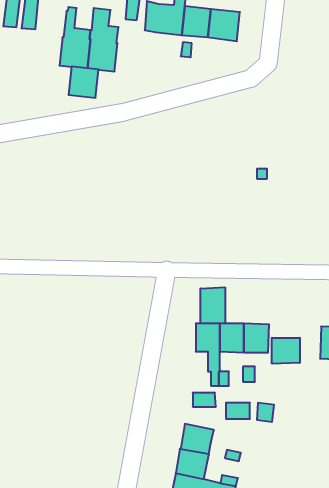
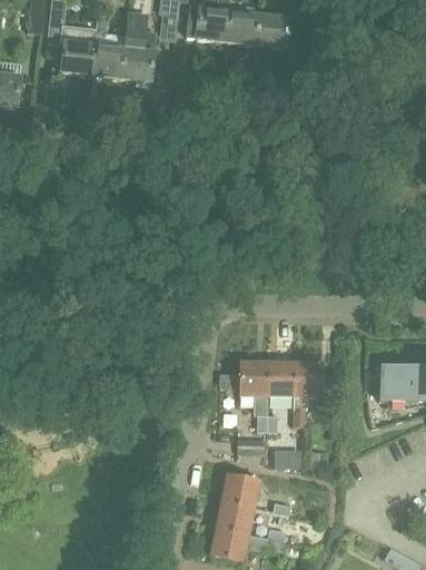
building: [68,67,99,98] -> [59,40,92,75]
building: [200,287,225,323] -> none
building: [272,338,300,364] -> none

